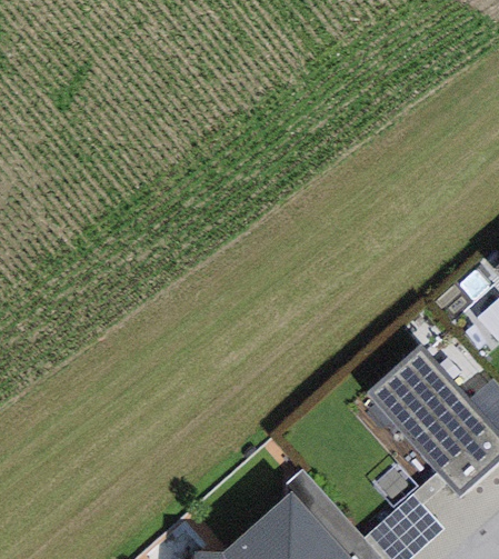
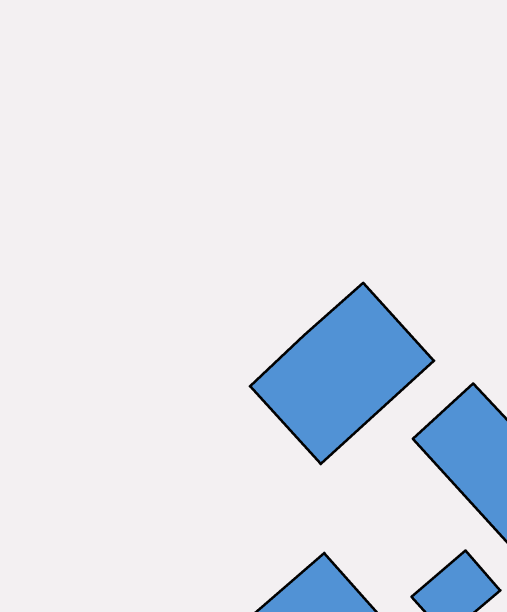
building: none -> [250,283,434,464]

